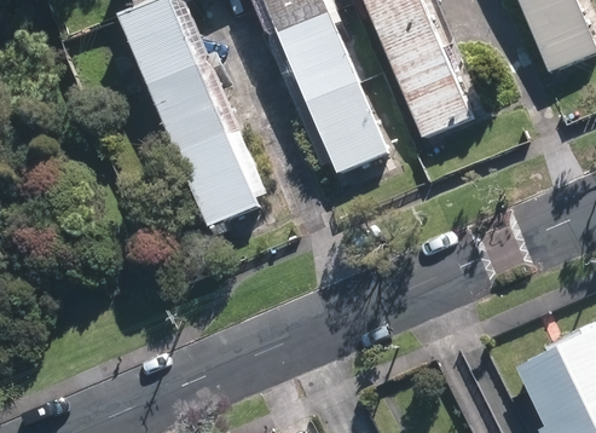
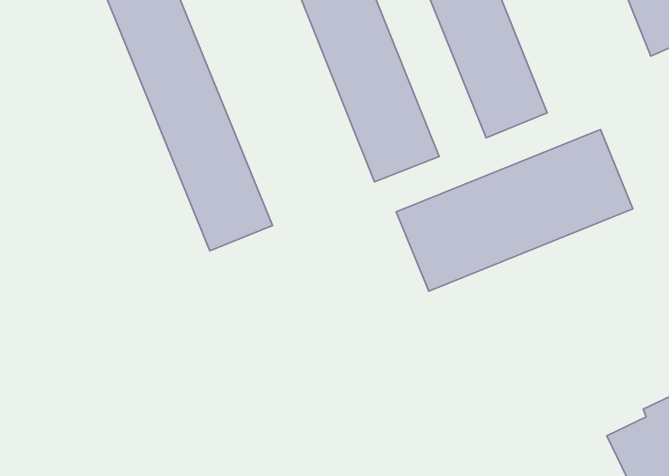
building: none -> [396,130,633,291]

